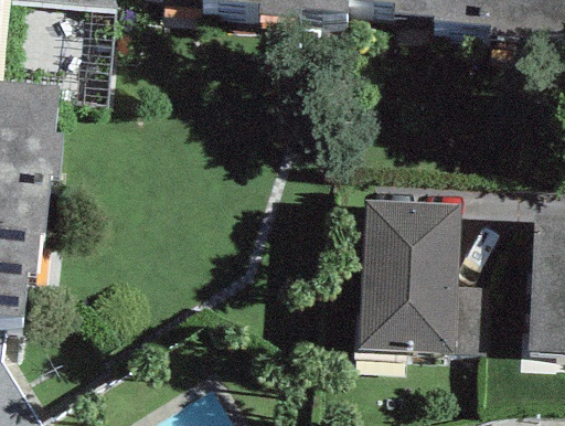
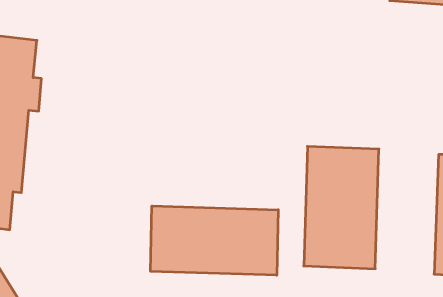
building: none -> [151,206,278,275]

